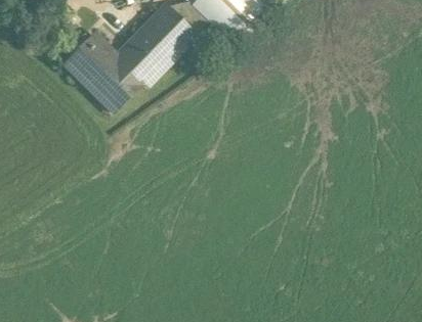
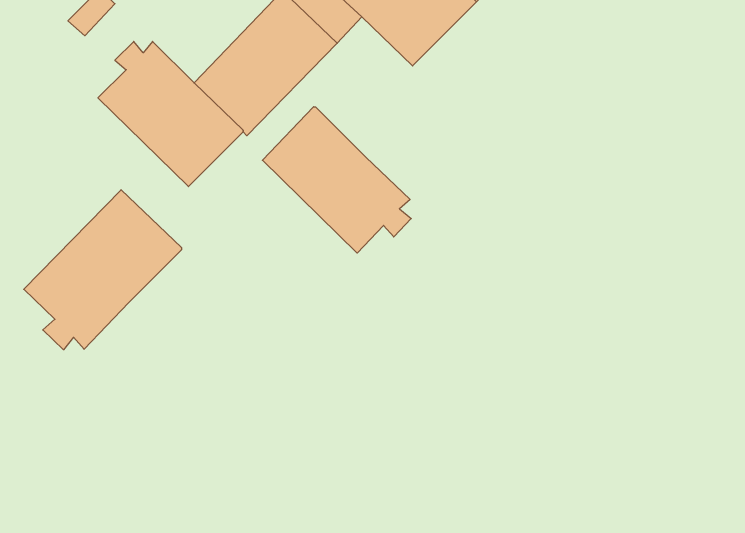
building: none -> [262,107,411,253]
building: none -> [24,190,181,350]

